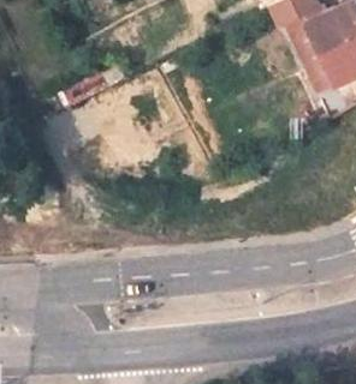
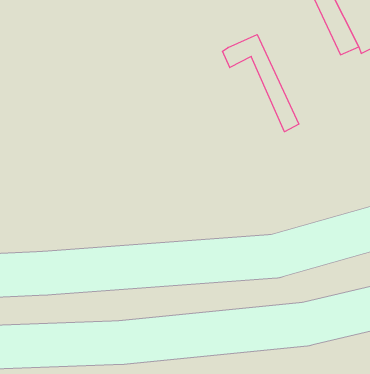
building: none -> [222,35,299,132]

